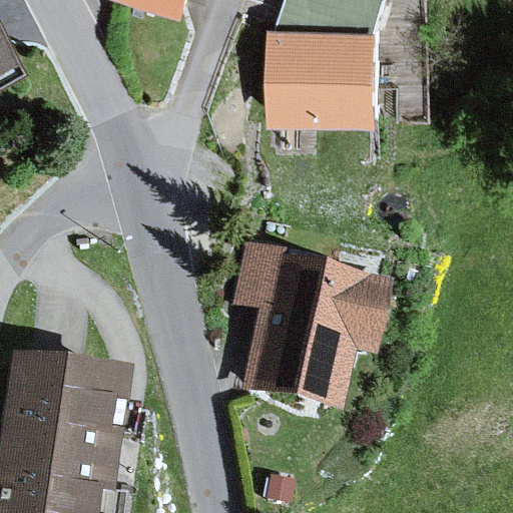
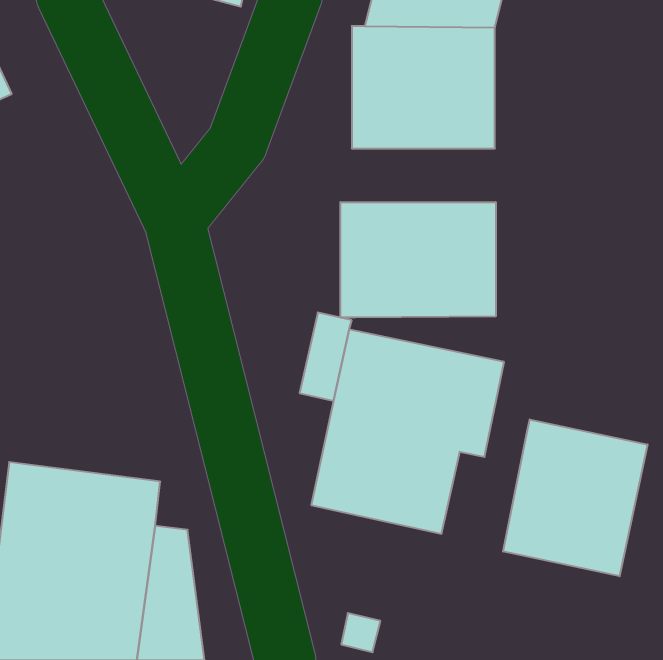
building: none -> [340,202,496,318]
building: none -> [503,419,648,576]

